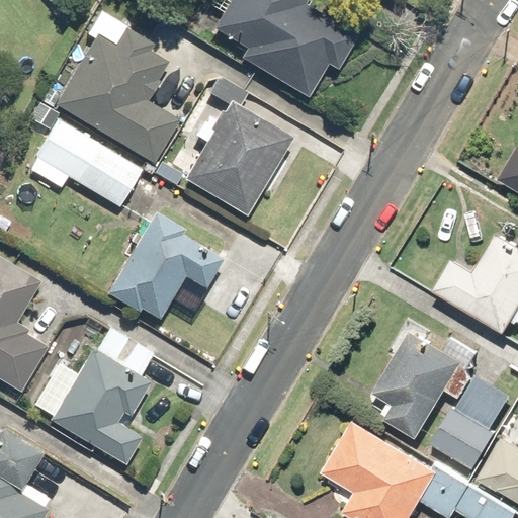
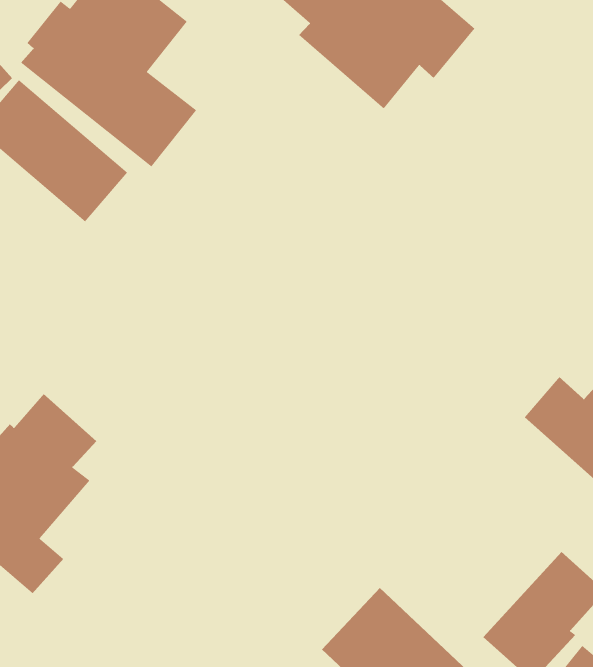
building: [179,78,293,214] -> none
building: [106,212,225,321] -> none
building: [373,329,483,438] -> none

